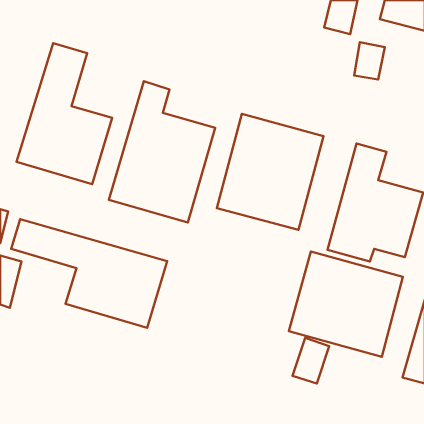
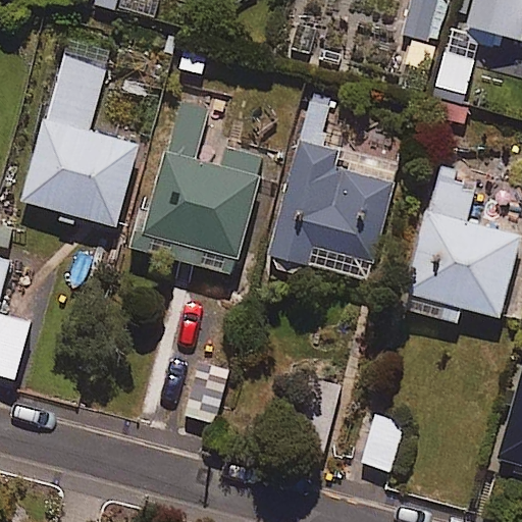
building: [11,219,167,328] -> none
building: [289,252,403,357] -> none

